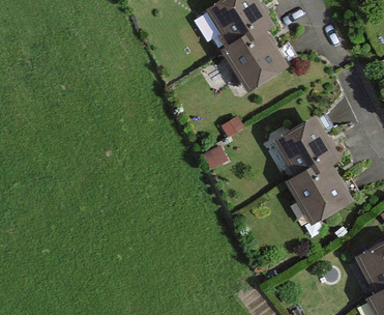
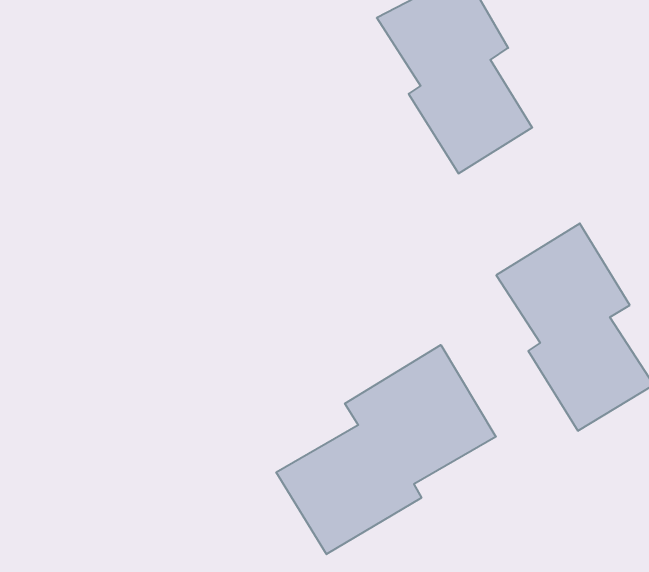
building: none -> [276,345,496,554]

